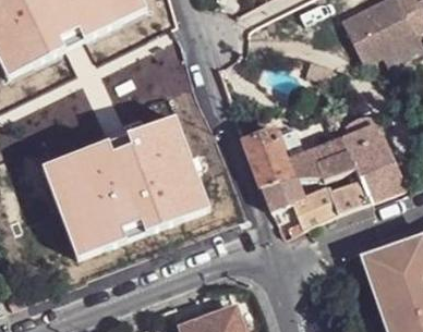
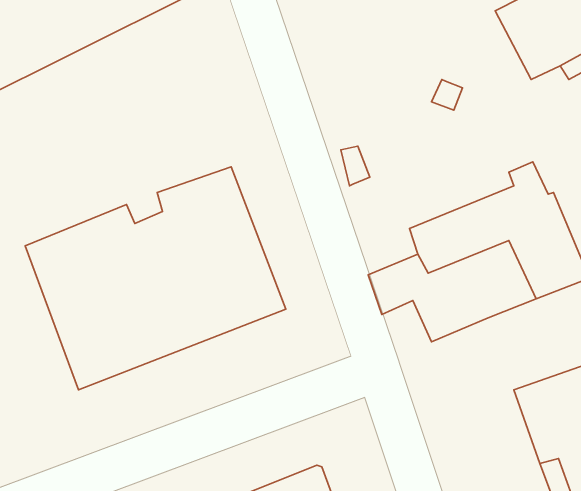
building: [245,128,294,186] -> none

